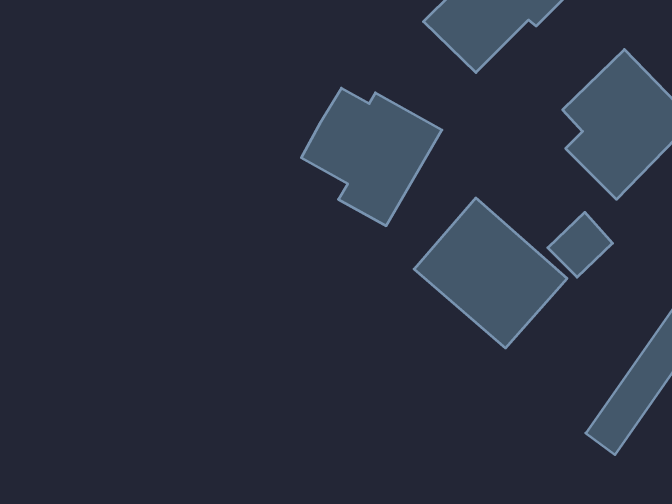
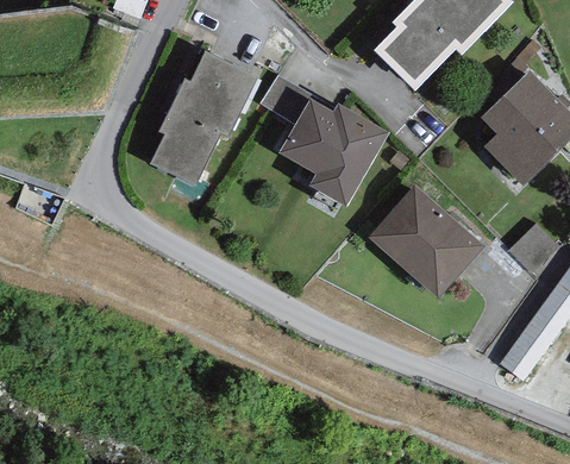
building: none -> [151,50,258,184]
building: none -> [261,76,313,126]
building: [548,212,613,277] -> [508,224,558,274]

